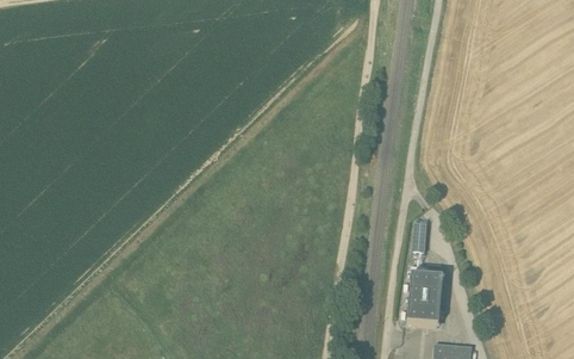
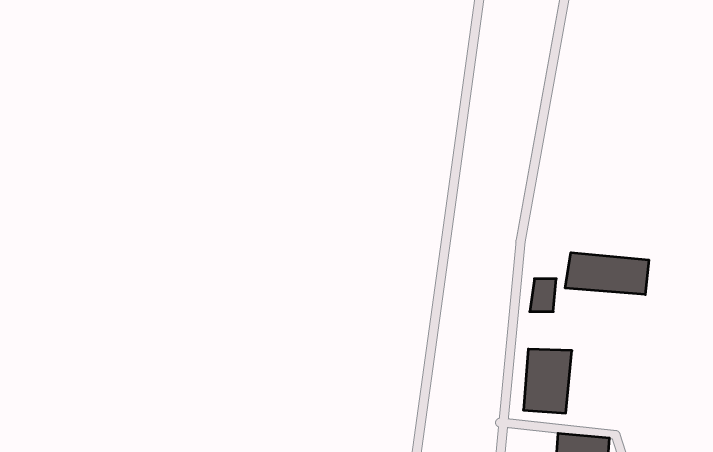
building: none -> [565,253,649,295]

